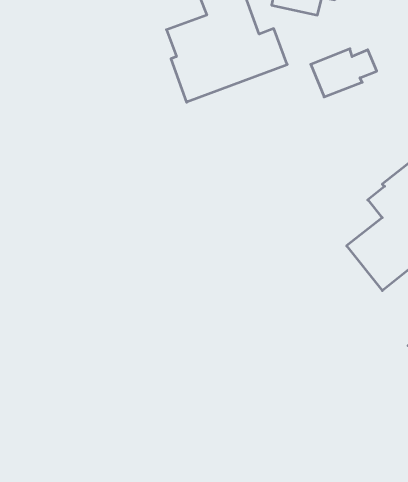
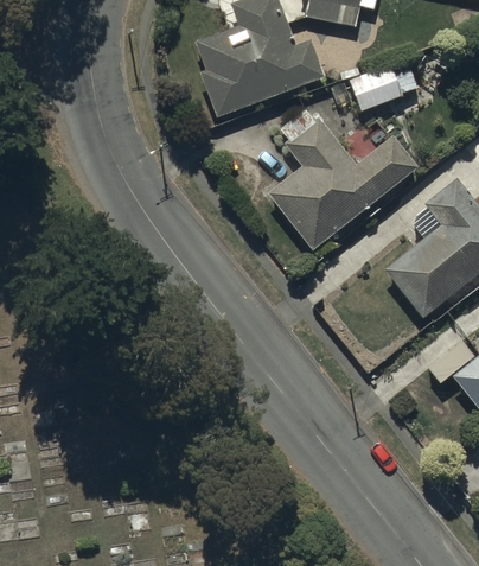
building: none -> [269,106,419,250]

